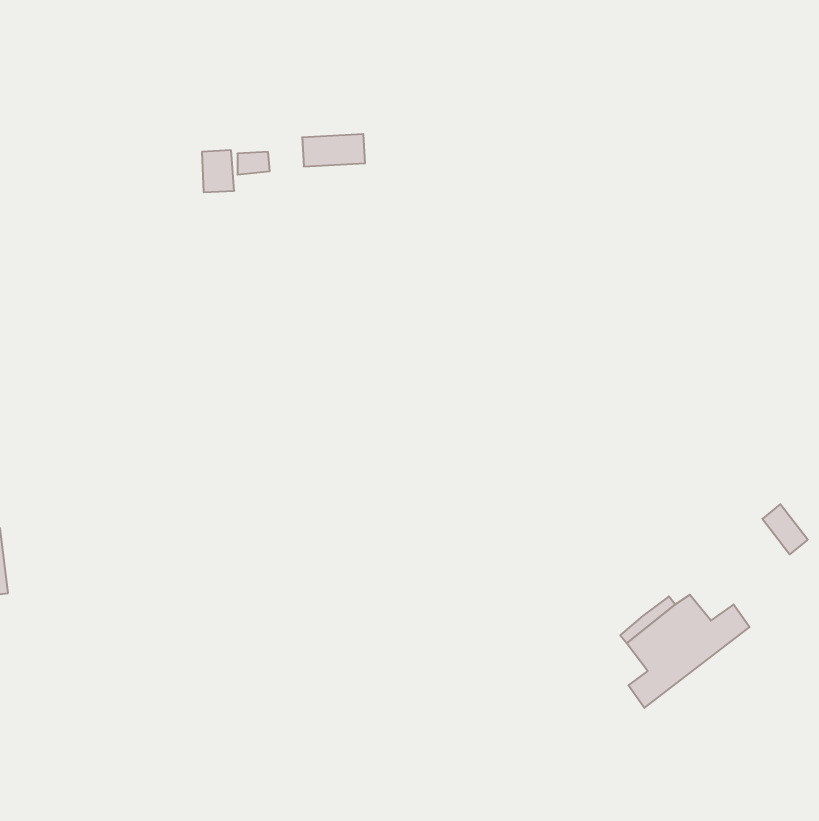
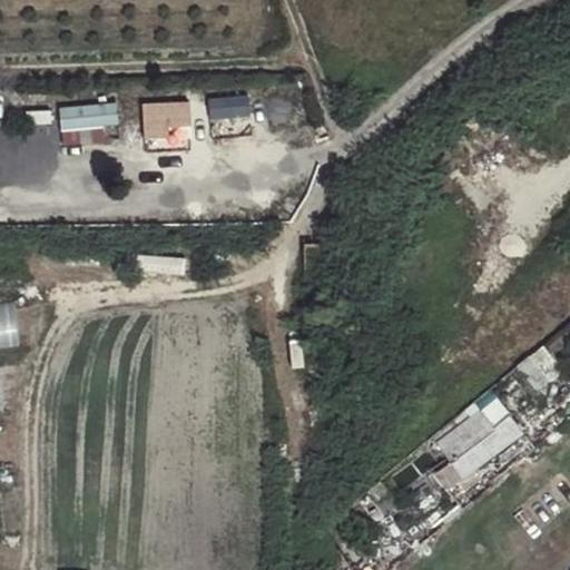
building: none -> [60,102,120,144]

